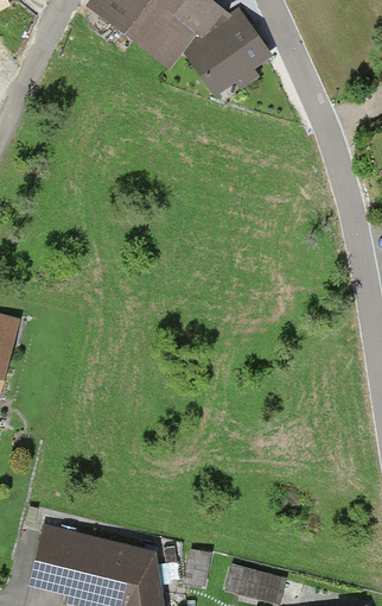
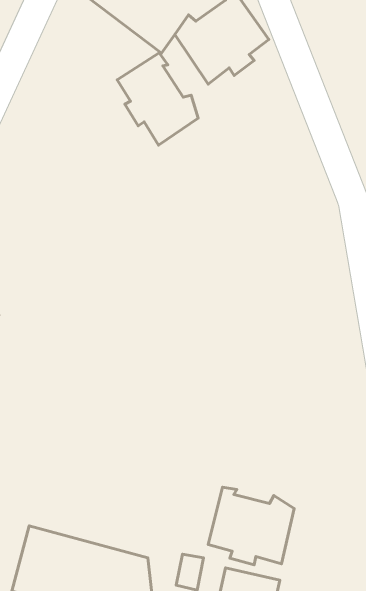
building: none -> [117,53,198,145]
building: none -> [208,487,294,565]

